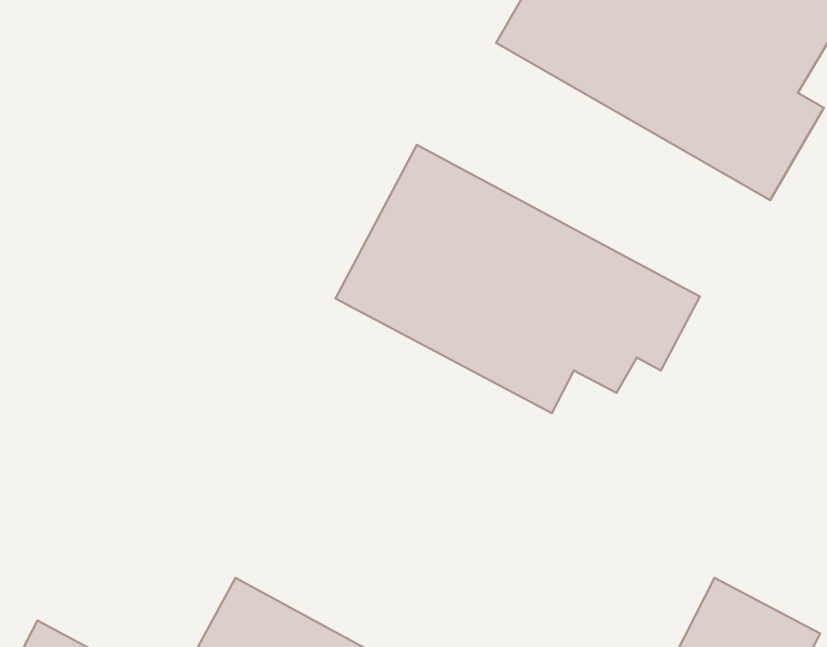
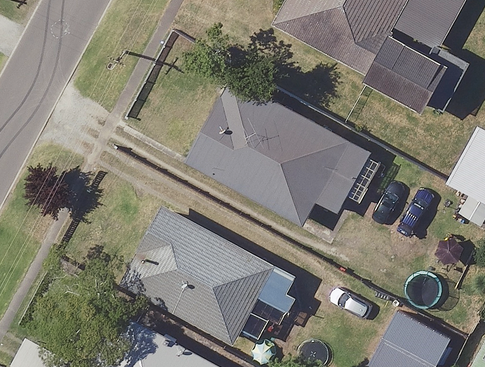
building: none -> [122,205,276,343]

